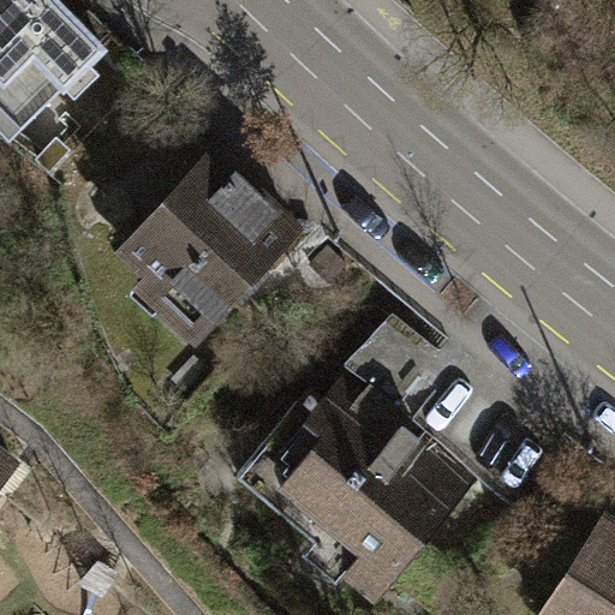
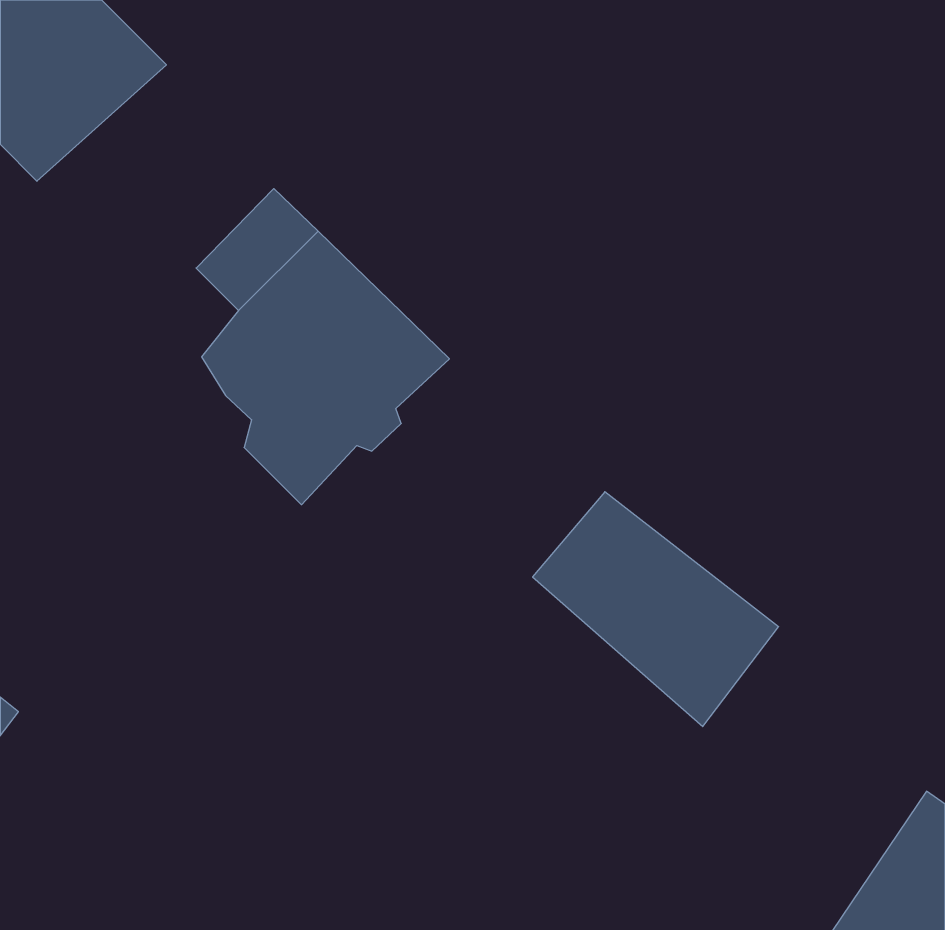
building: [237,384,456,592] -> none

